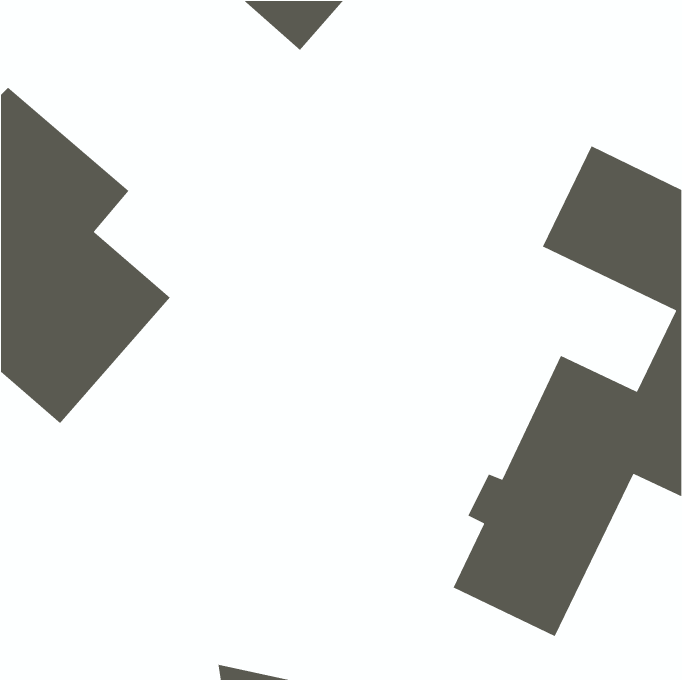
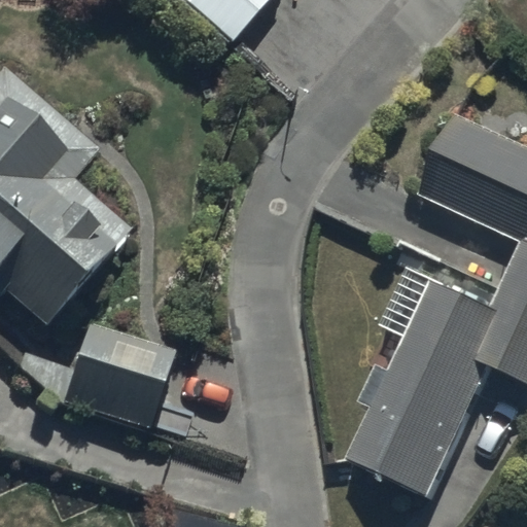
building: none -> [63,324,176,429]

